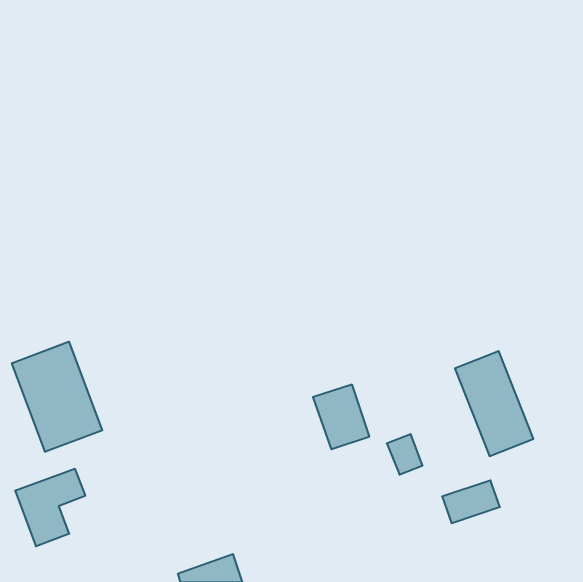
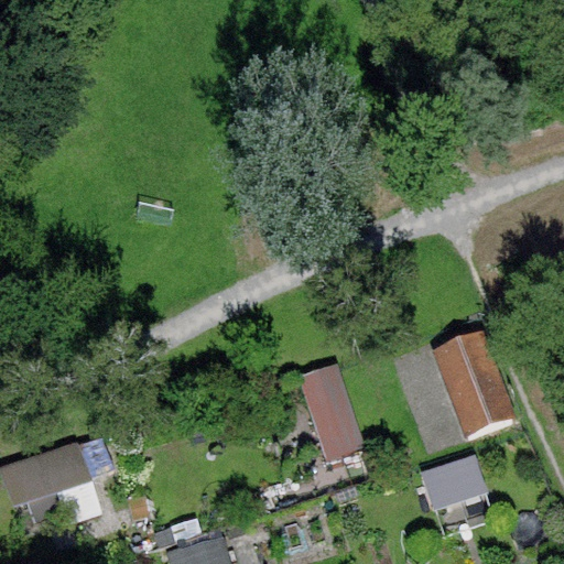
building: [12,342,102,452] -> none

